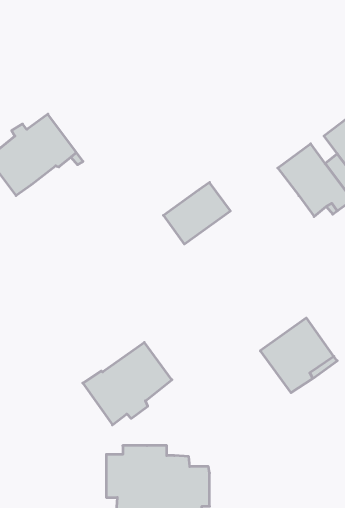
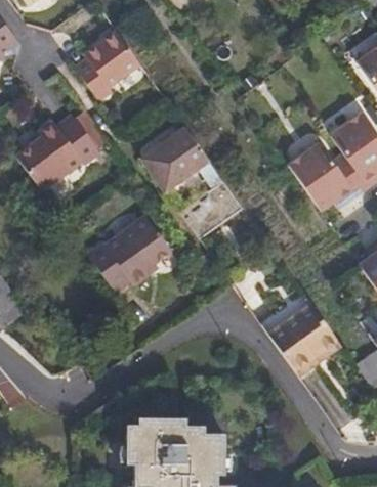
building: none -> [76,32,140,100]
building: none -> [142,127,222,189]
building: [83,342,172,425] -> [88,215,171,292]

